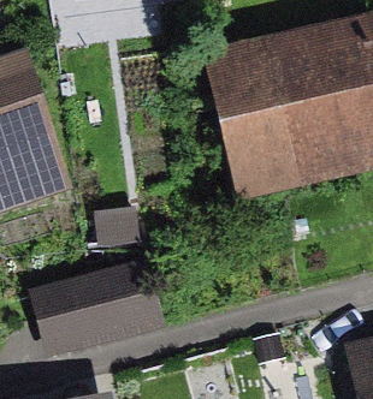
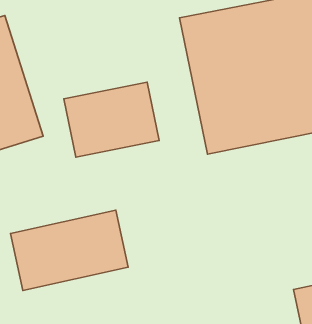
building: none -> [64,82,159,157]

